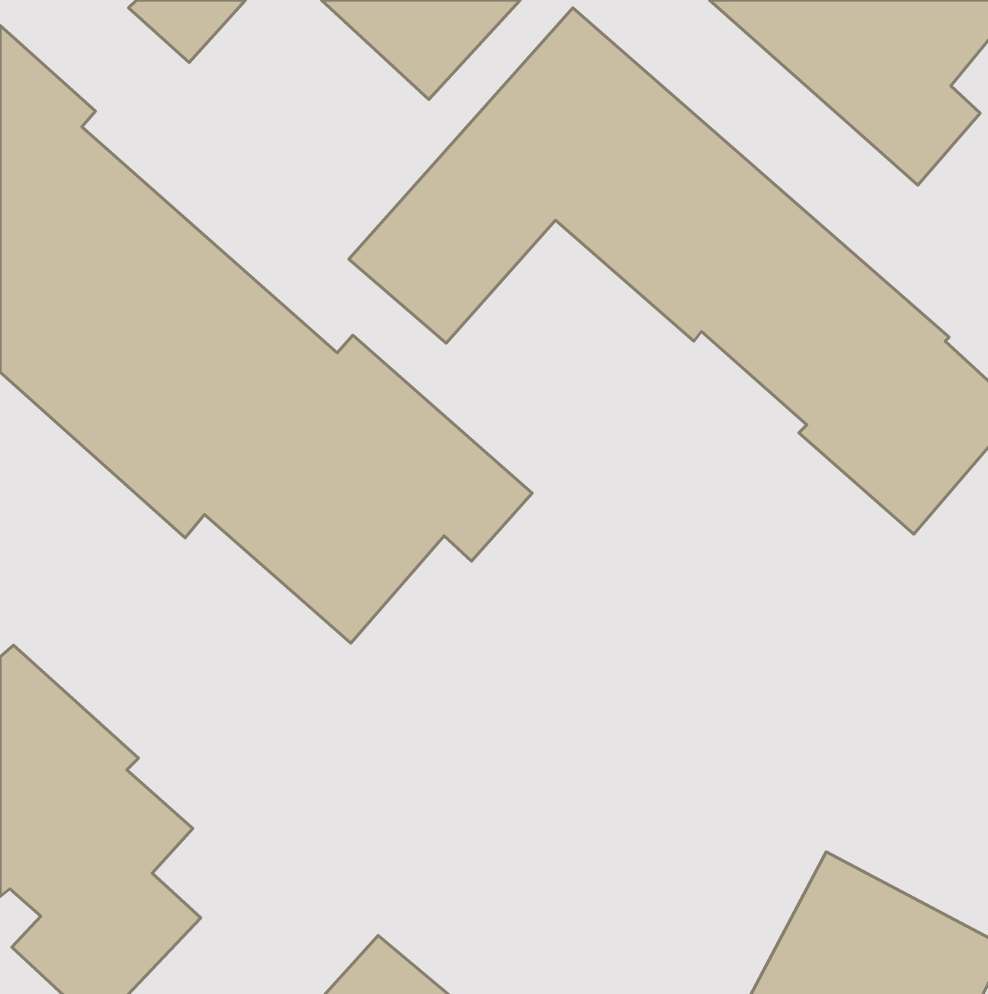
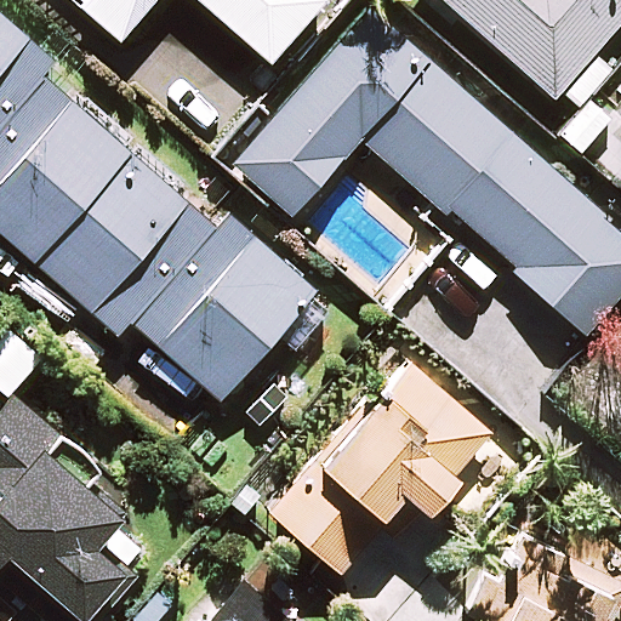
building: none -> [275,363,497,574]

